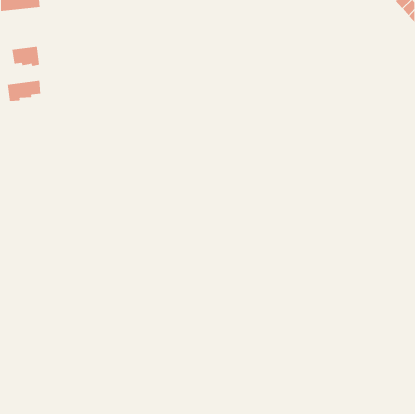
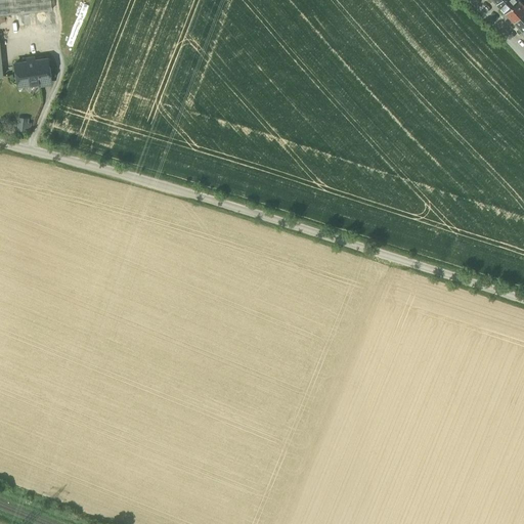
building: [7,80,41,102] -> none

